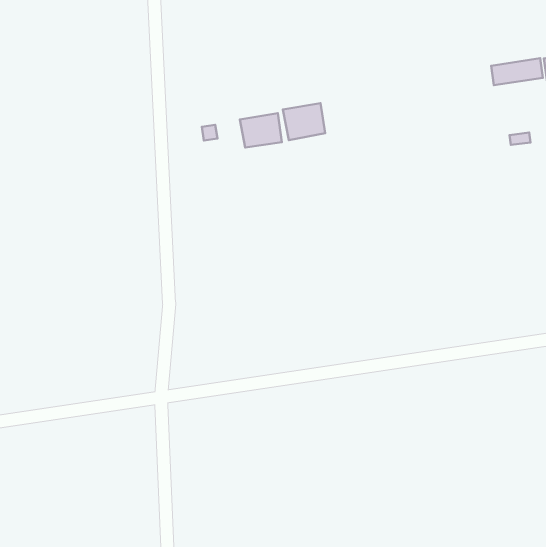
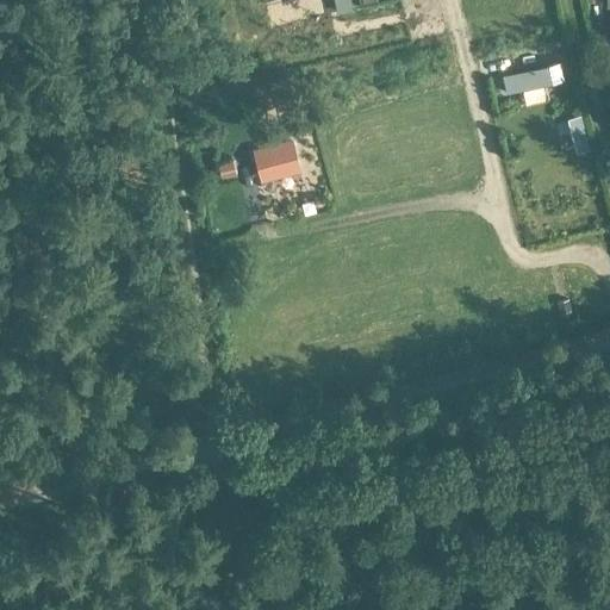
building: [283,103,325,140] -> none

